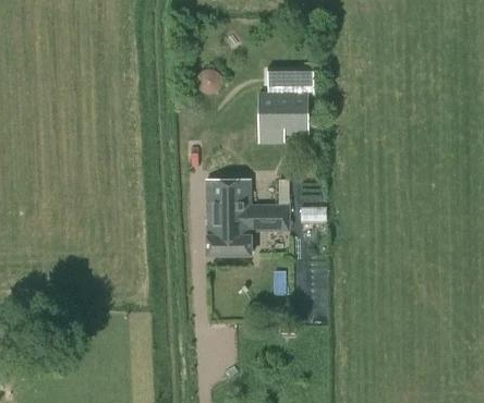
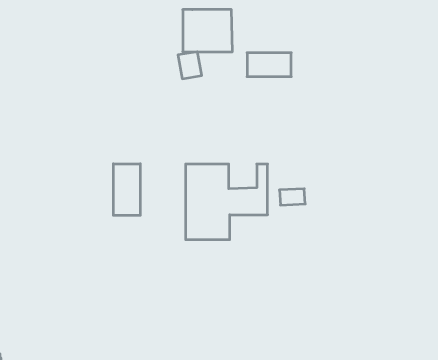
building: [258,91,308,134] -> [183,10,232,52]
building: none -> [113,164,140,215]

